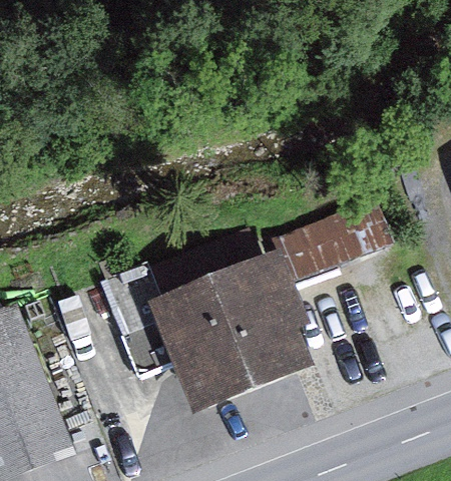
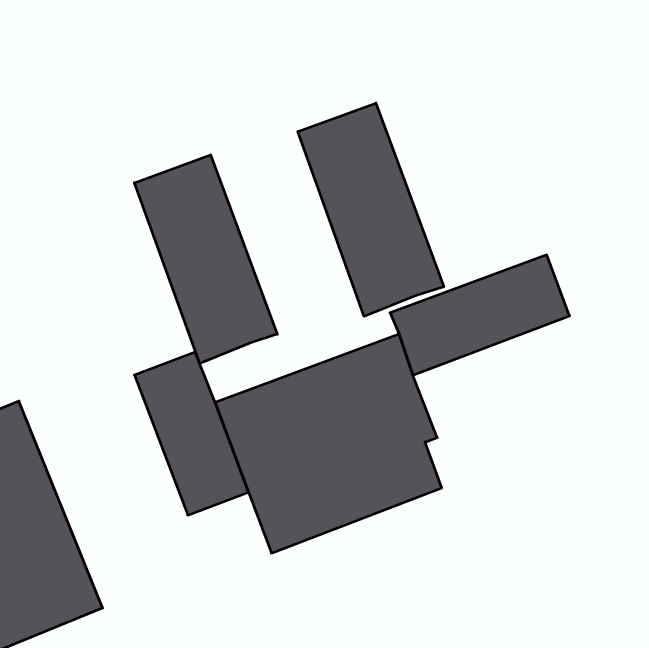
building: none -> [298,103,444,316]
building: none -> [134,155,277,363]

